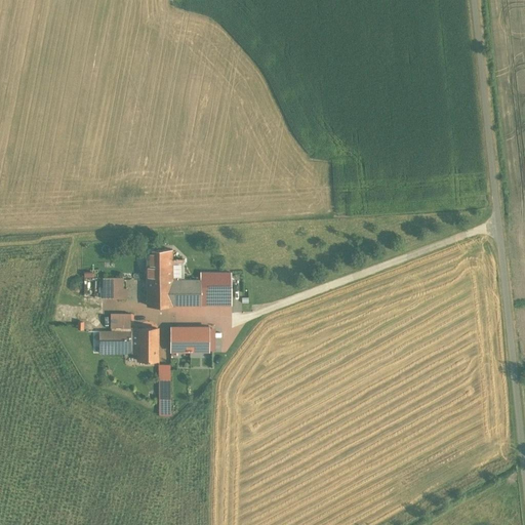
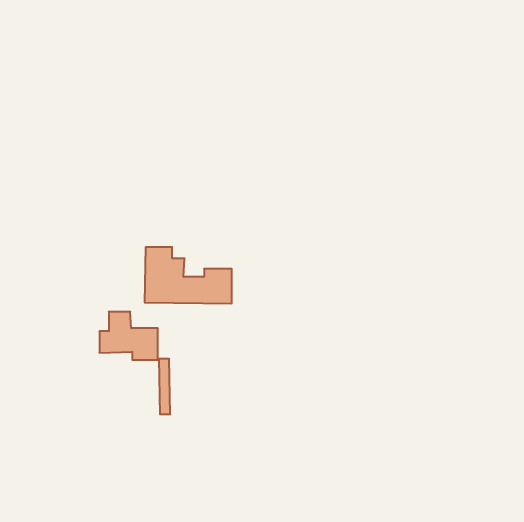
building: [103,279,126,300] -> none
building: [171,328,218,352] -> none

